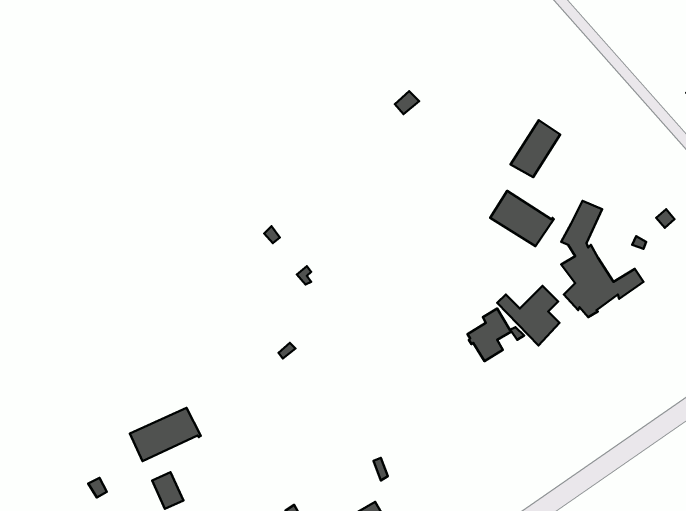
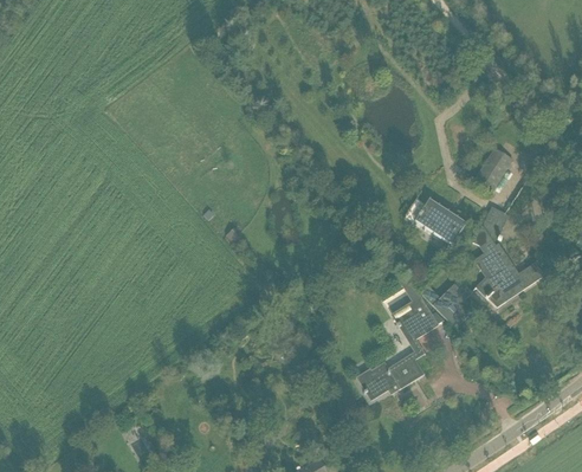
building: [511,120,560,177] -> [472,147,513,194]
building: none -> [358,355,423,399]
building: [130,408,201,461] -> none

